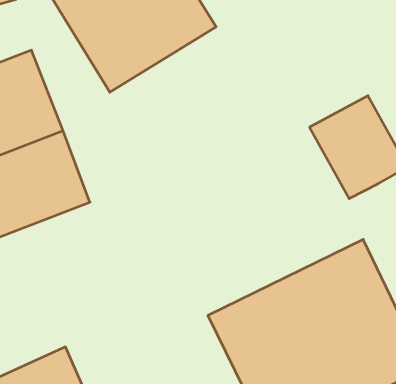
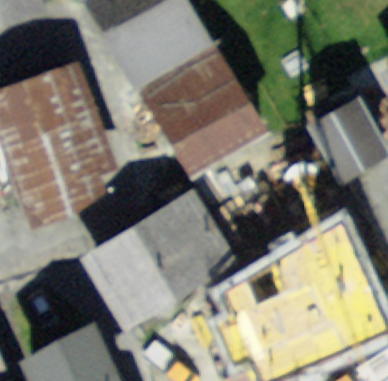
building: none -> [144,55,271,178]
building: none -> [88,192,229,318]

